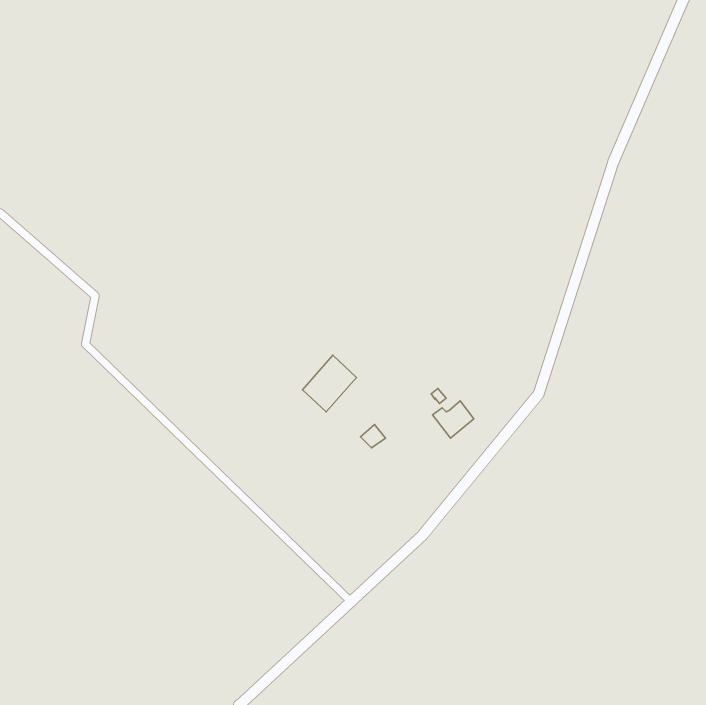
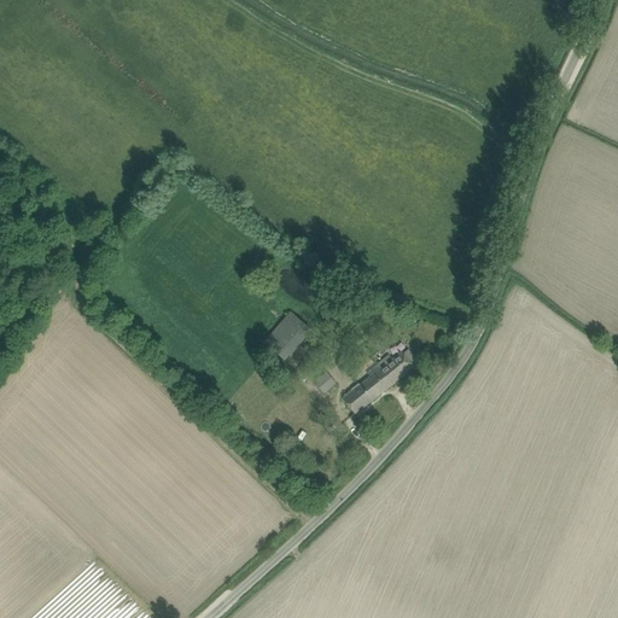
building: none -> [343,362,393,413]

